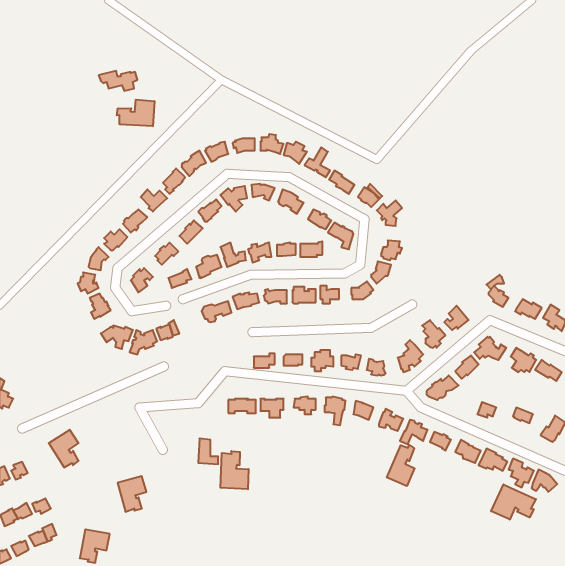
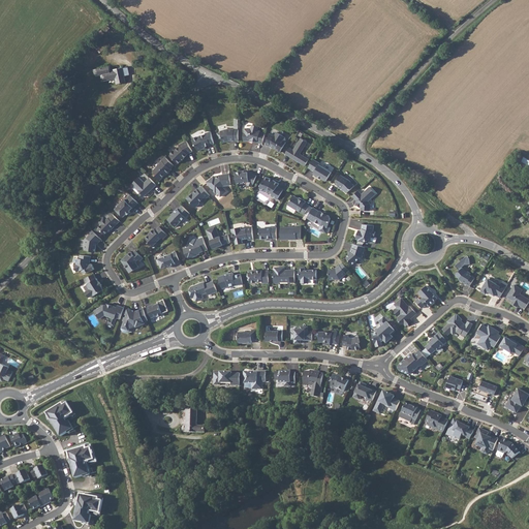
building: [117,100,154,126] -> none
building: [387,445,415,486] -> none
building: [220,451,249,489] -> none
building: [118,476,146,512] -> [67,445,94,478]
building: [491,484,536,520] -> none

